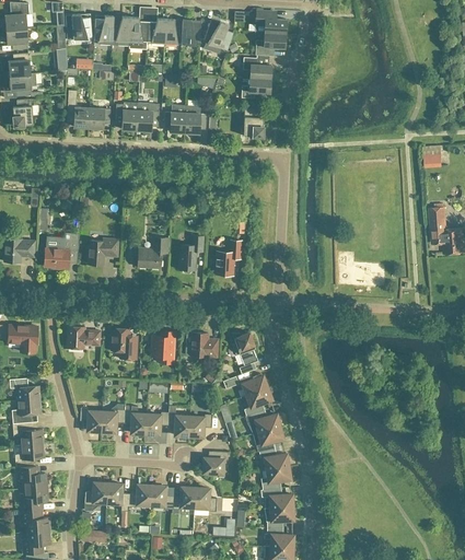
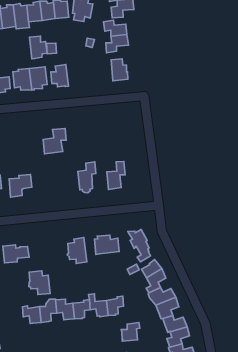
building: [185,104,206,132] -> [29,36,47,59]
building: [137,236,168,267] -> [43,128,66,154]
building: [109,327,137,359] -> [29,271,50,295]

